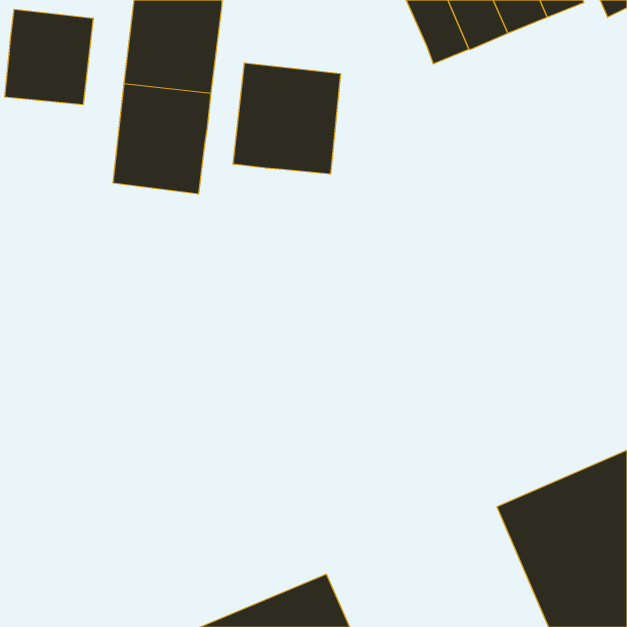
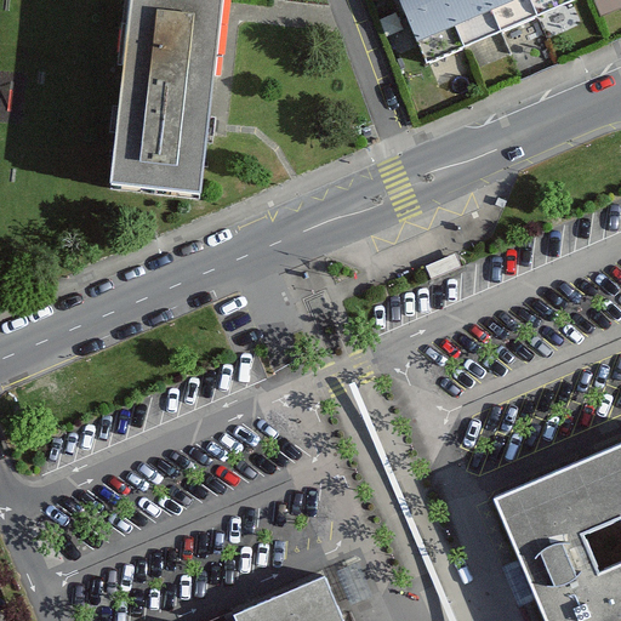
building: [5,9,93,105] -> none
building: [233,63,340,174] -> none

